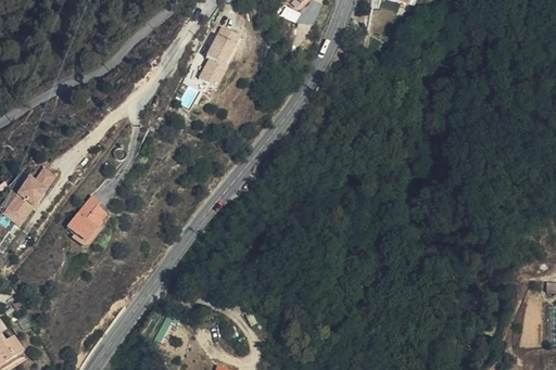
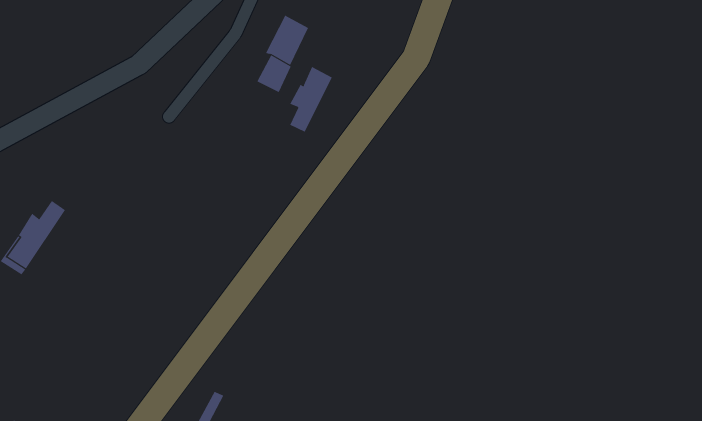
building: none -> [289,66,333,132]
building: [67,195,104,241] -> none

